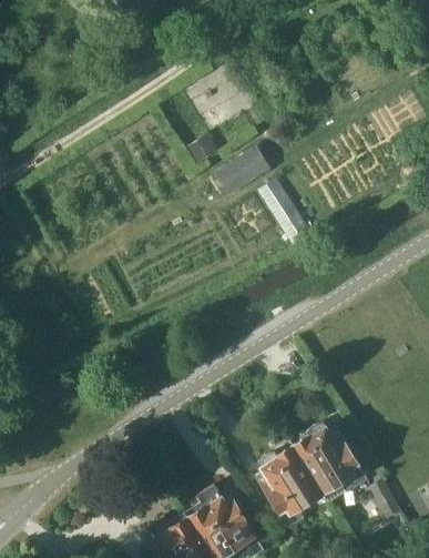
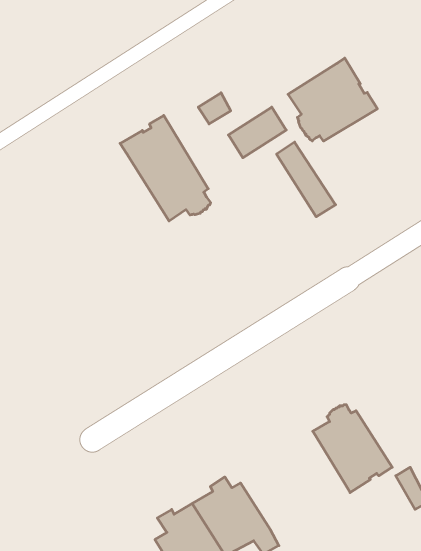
building: none -> [288,58,377,141]
building: none -> [120,115,211,221]
building: [256,445,324,526] -> none

